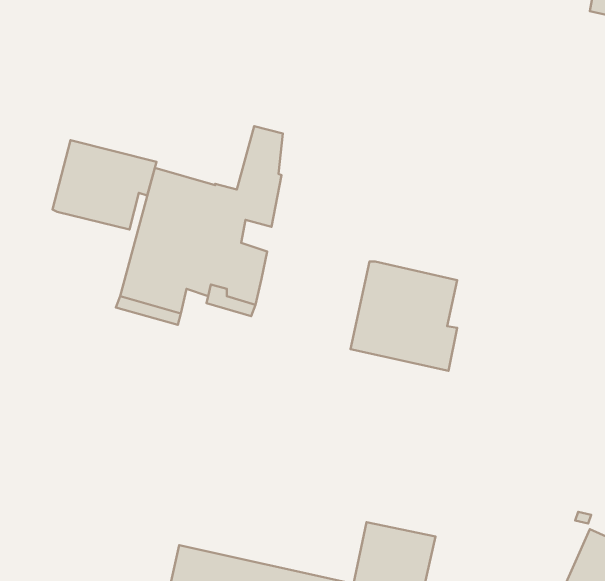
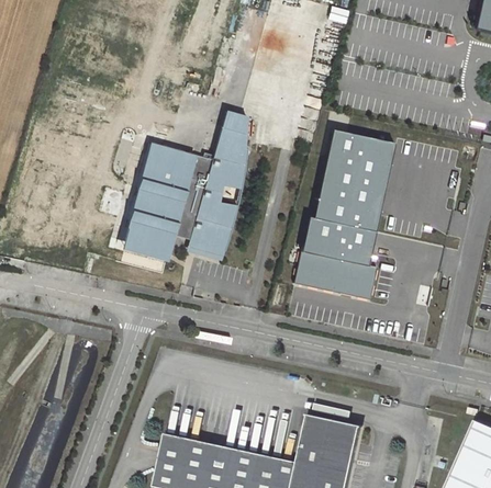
building: [53,140,156,229] -> none
building: none -> [314,128,397,230]

